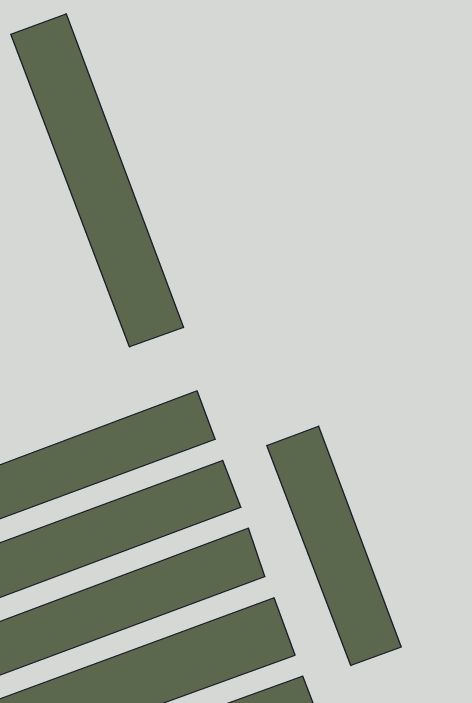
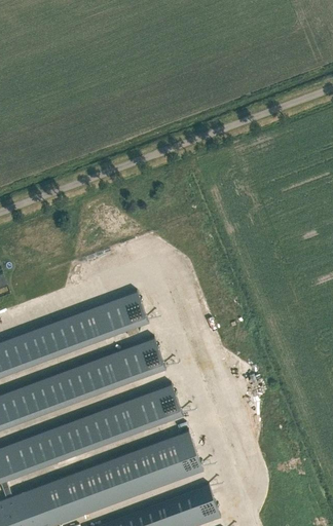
building: [11,14,183,347] -> none
building: [267,426,401,666] -> none

